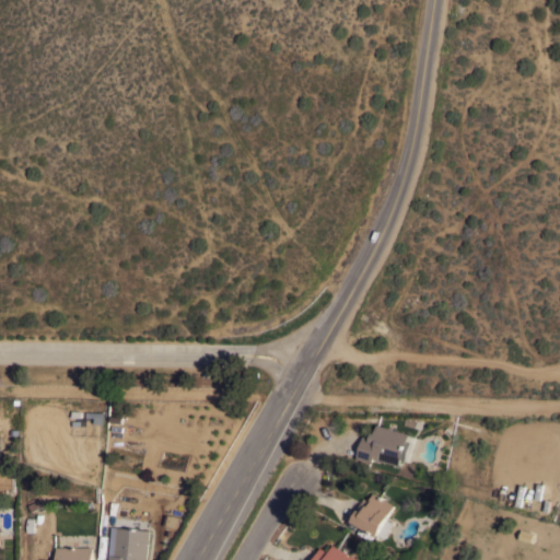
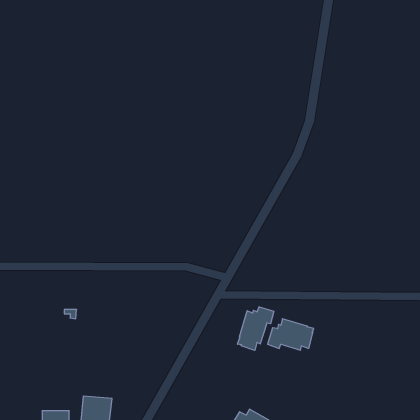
building: none -> [238,307,274,350]
building: [350,493,394,536] -> none

